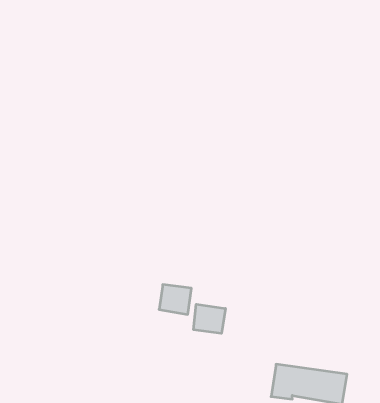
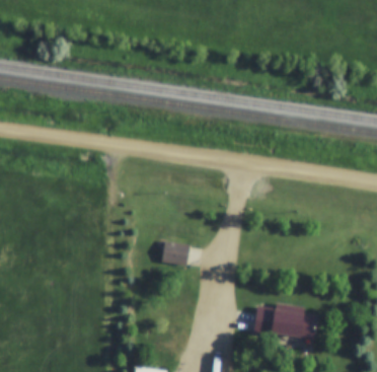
building: [194,304,225,333] -> none

